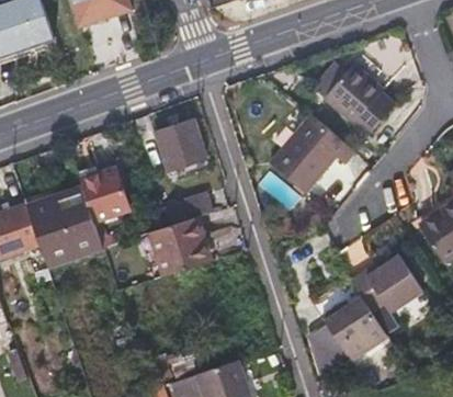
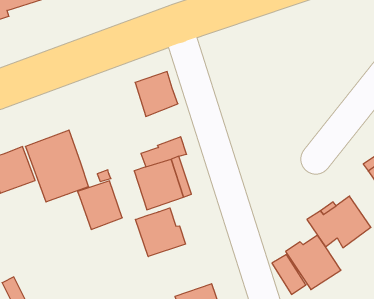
building: [321,65,390,134] -> none
building: [271,115,352,193] -> none
building: [79,166,129,220] -> [78,181,122,229]
building: none -> [135,208,186,257]

